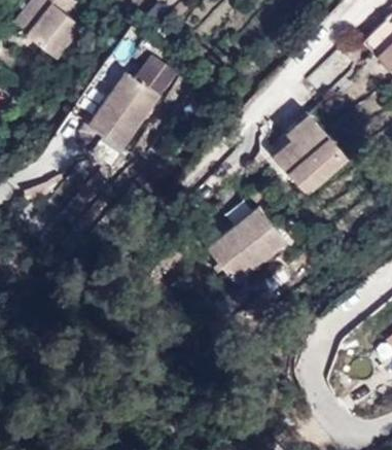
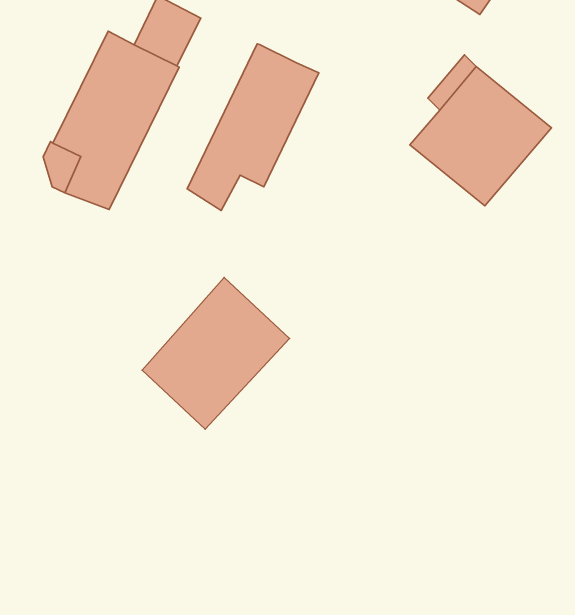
building: none -> [187,44,319,211]
building: [207,205,286,282] -> [142,278,290,429]

